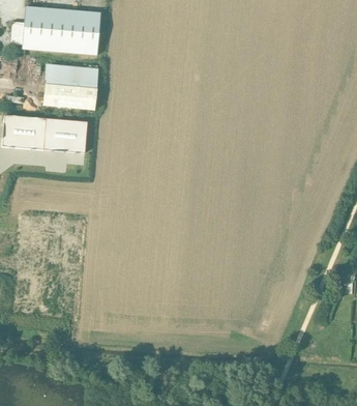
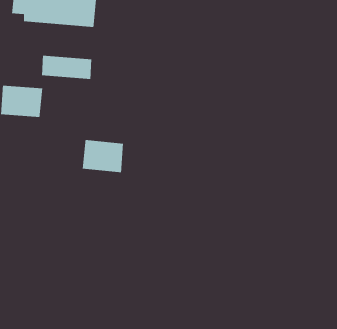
building: [44,64,98,88] -> none
building: [42,118,86,153] -> [82,139,124,173]

